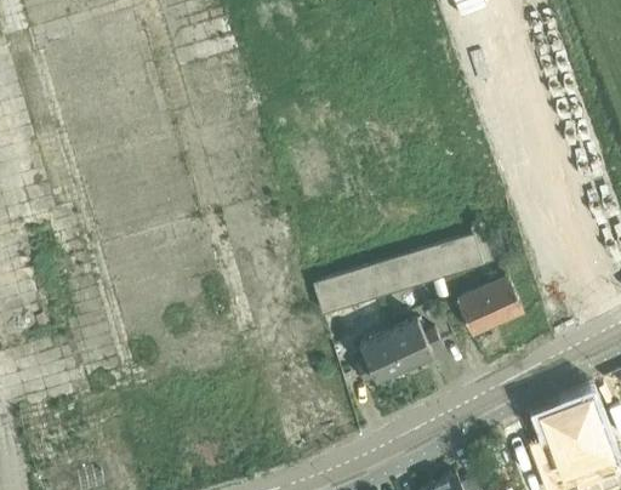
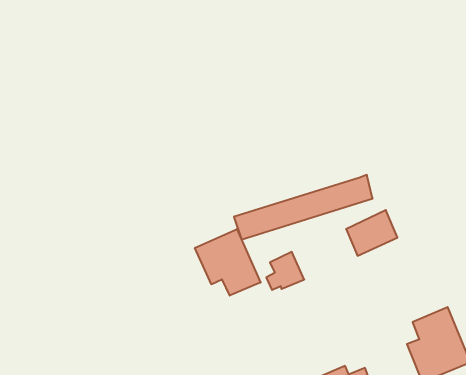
building: none -> [195,229,261,296]
building: [388,317,441,364] -> none

